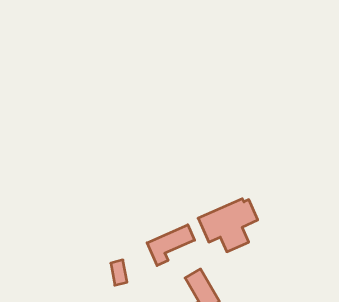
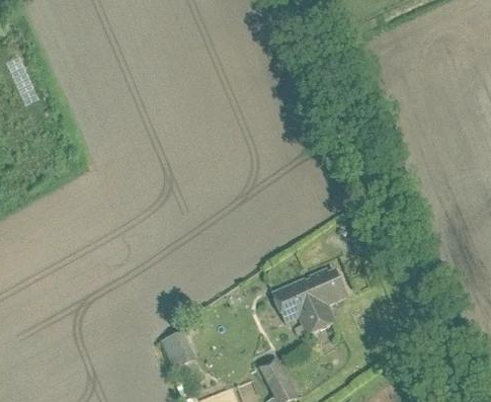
building: [147,225,195,266] -> none

